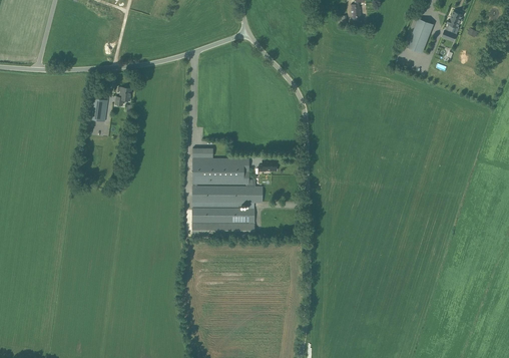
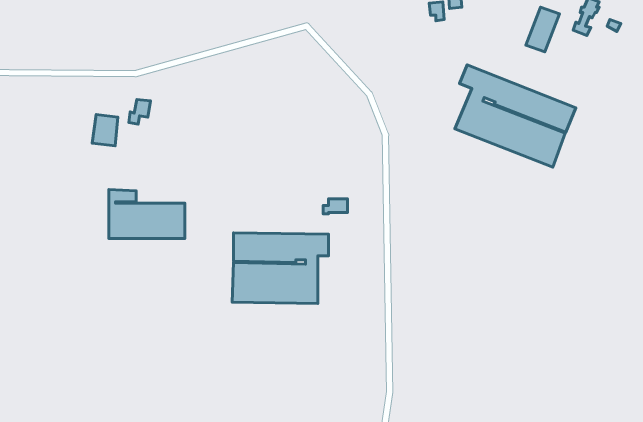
building: none -> [455,65,576,167]
building: [192,147,248,184] -> [109,189,185,238]

